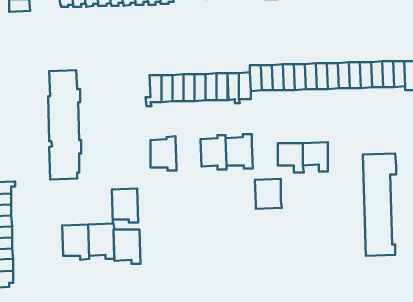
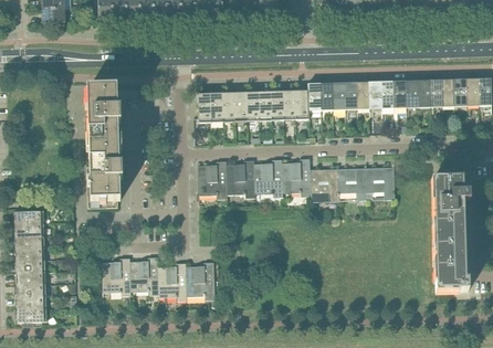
building: none -> [227,160,255,198]
building: [255,179,282,209] -> [311,168,340,201]
building: [112,188,138,224] -> [187,262,216,300]

